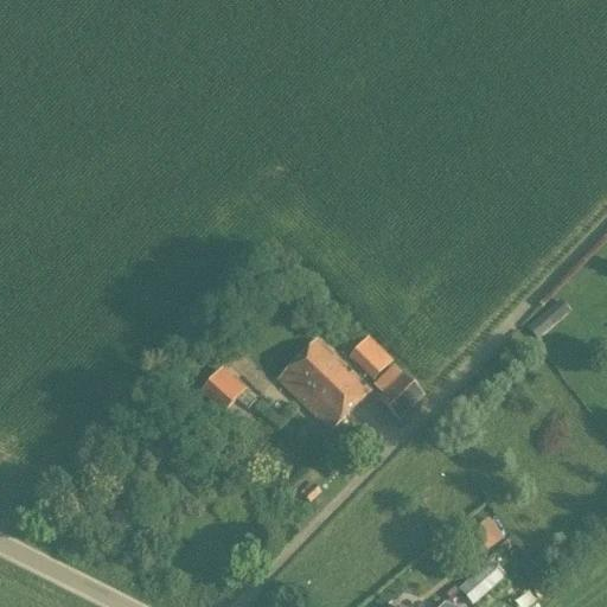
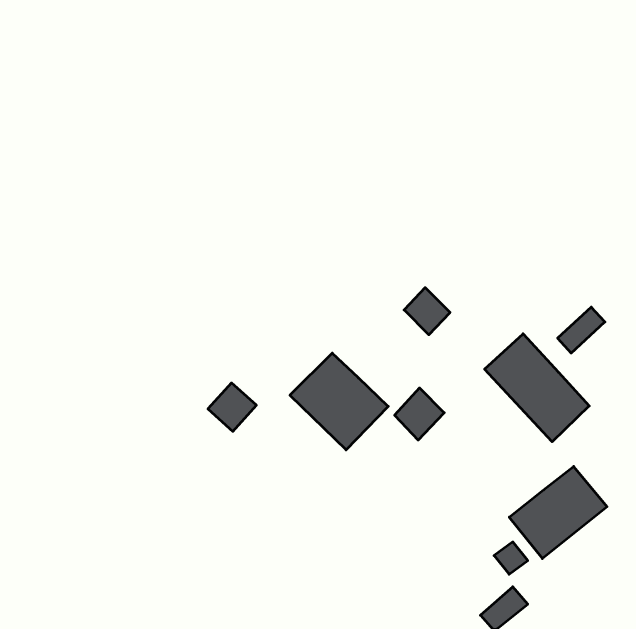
building: none -> [485,334,589,442]
building: [347,333,391,378] -> [404,288,450,335]
building: none -> [509,466,607,559]

